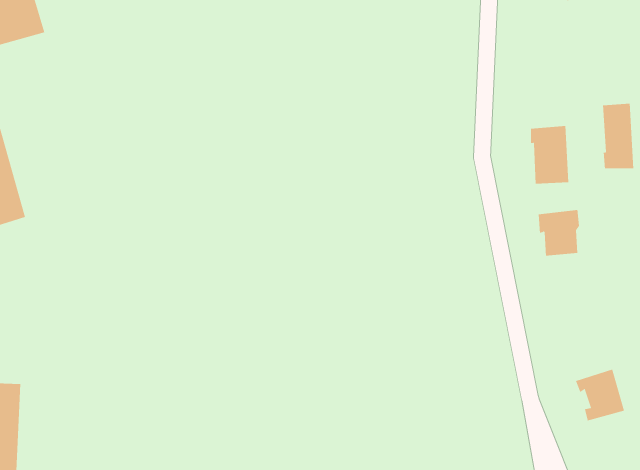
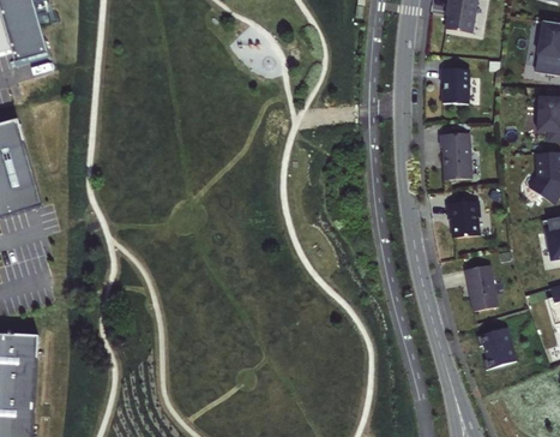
building: none -> [440,67,469,102]
building: [603,103,634,169] -> none
building: none -> [465,263,499,310]

